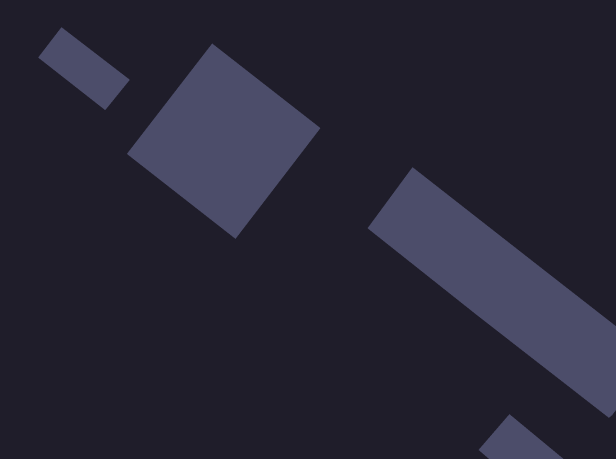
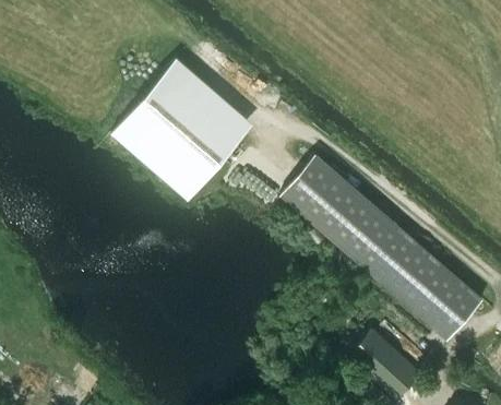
building: [37,26,131,111] -> none

